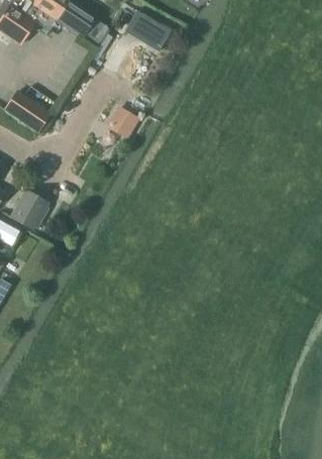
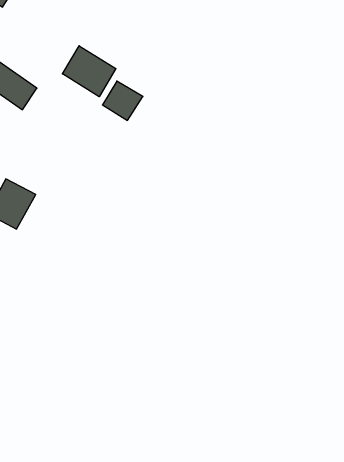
building: none -> [62,46,116,97]

